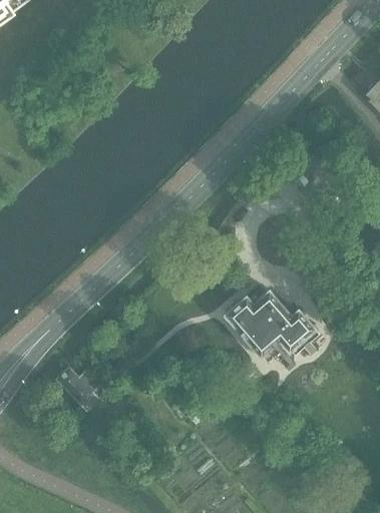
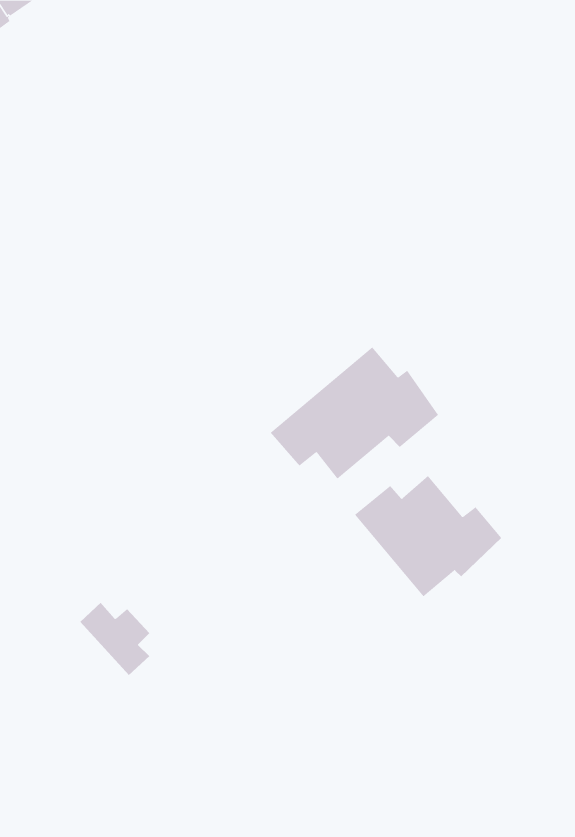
building: none -> [270,346,439,479]

